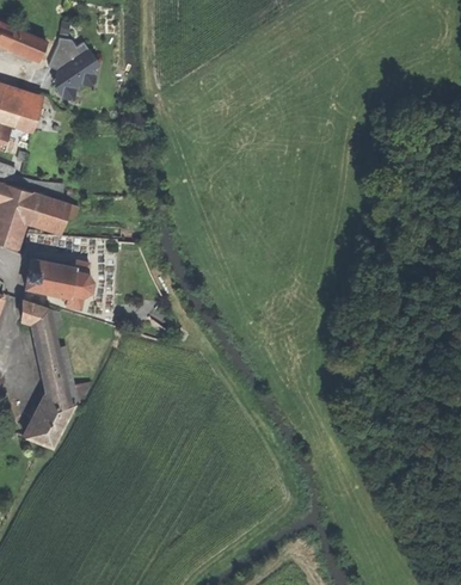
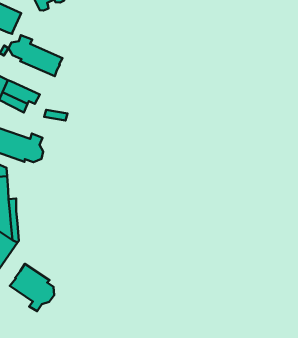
building: none -> [8,35,63,76]
building: none -> [10,264,54,311]

